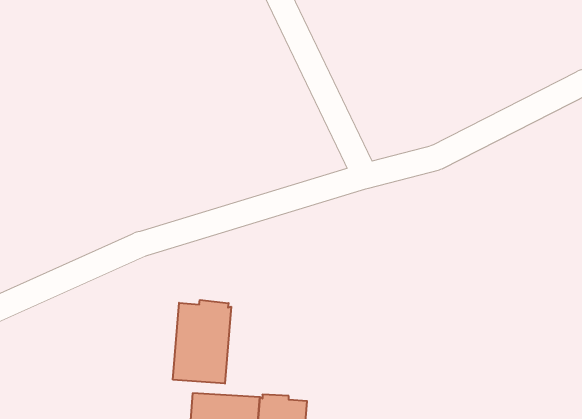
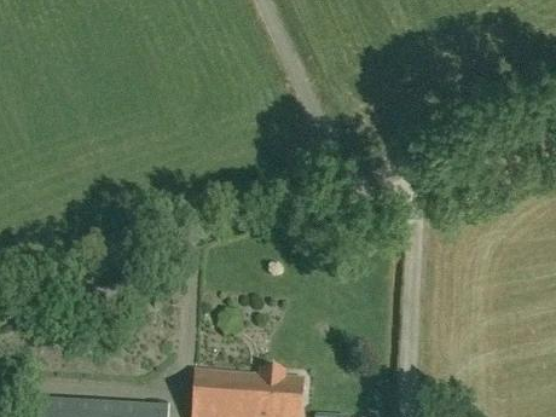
building: [173,300,231,384] -> none

